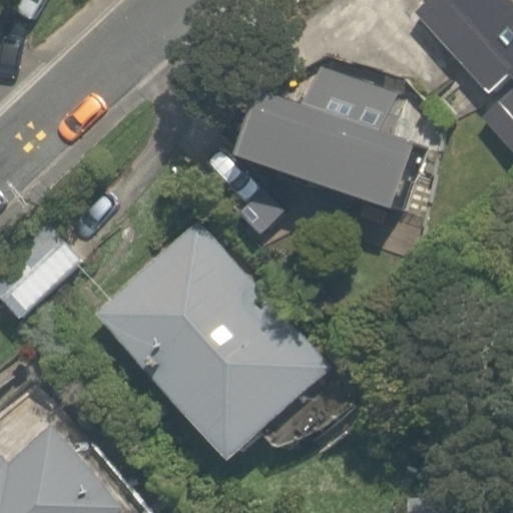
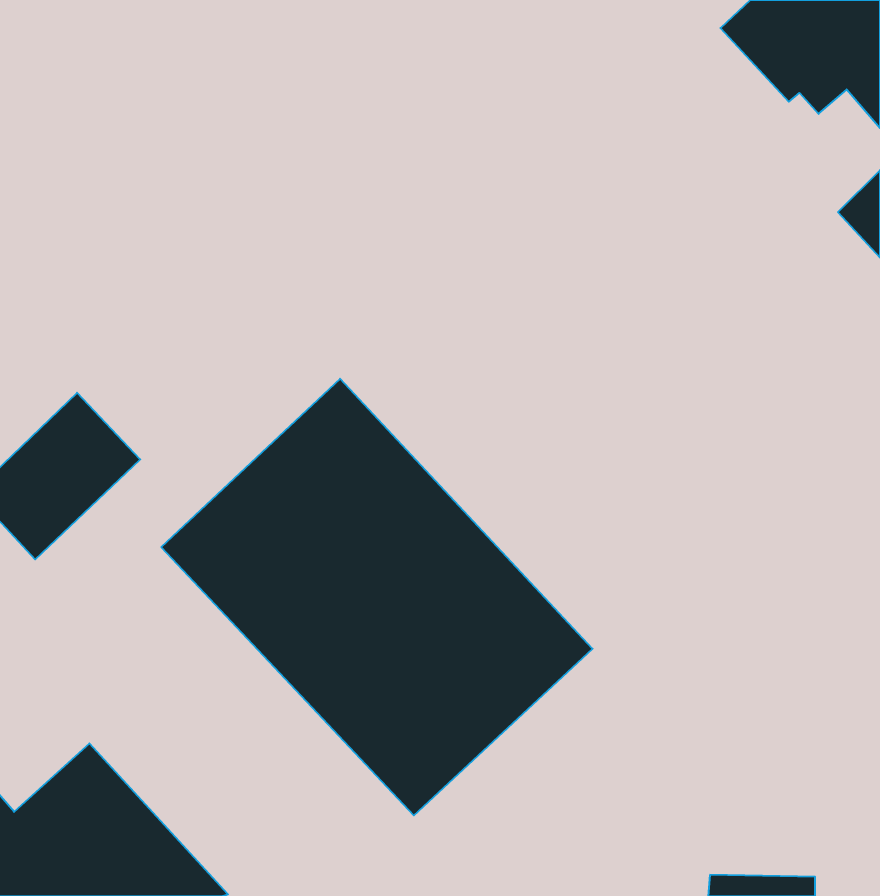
building: [272,65,431,218] -> none

